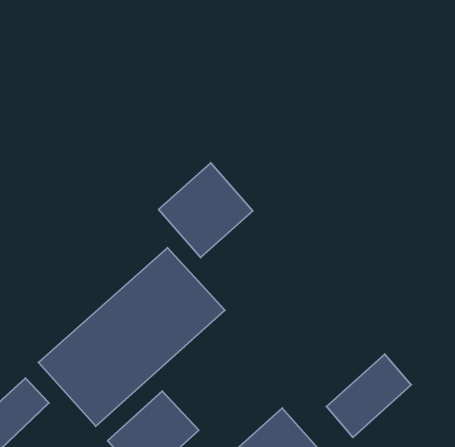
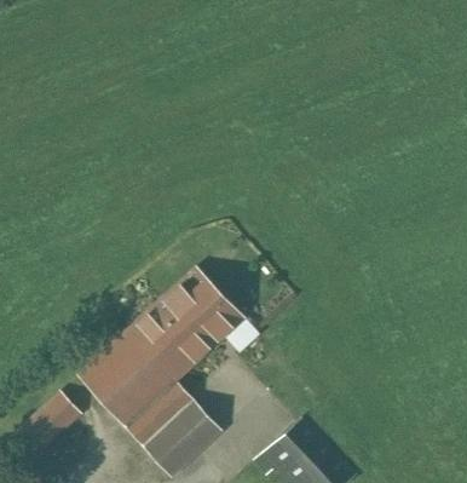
building: [159,163,253,258] -> none
building: [326,354,411,437] -> none

